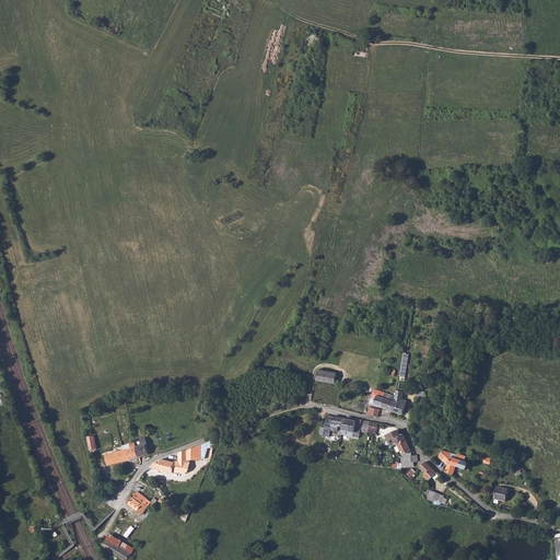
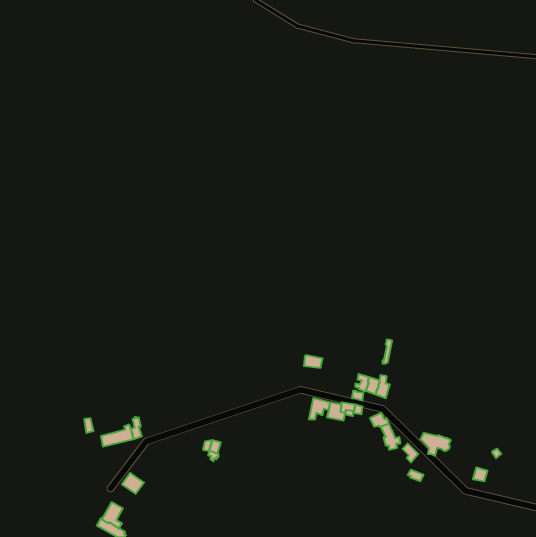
building: [151,445,199,474] -> none

